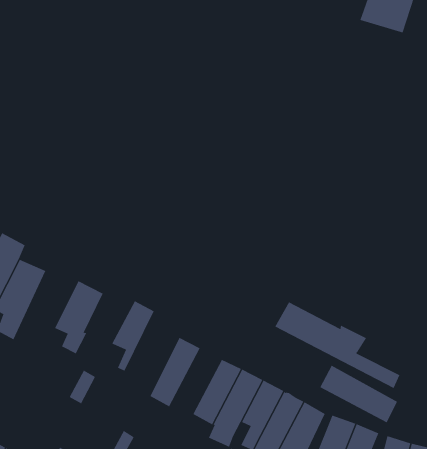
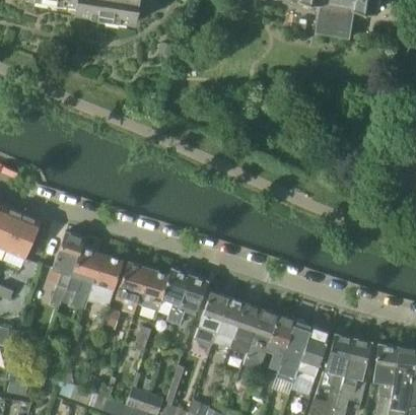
building: none -> [86,255,124,314]
building: none -> [139,266,174,312]
building: [274,302,400,389] -> none
building: none -> [174,274,209,326]
building: none -> [211,297,246,348]
building: [319,365,398,423] -> none

